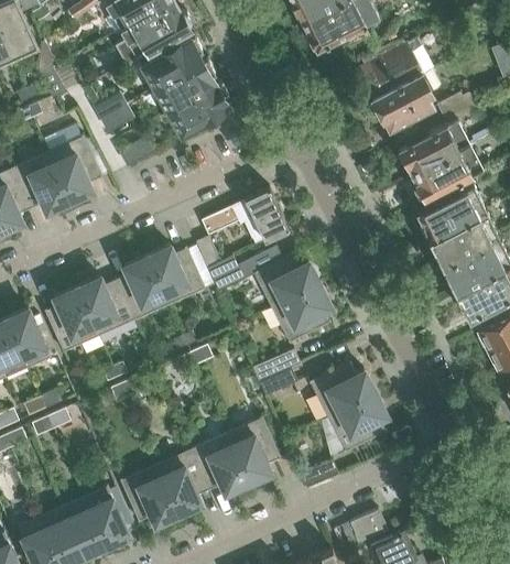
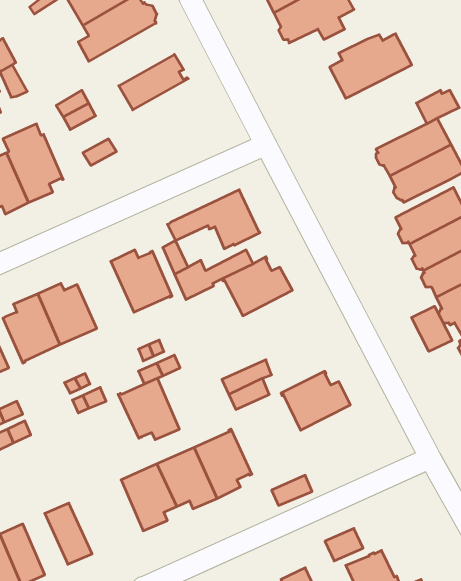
building: [141,35,207,89] -> none
building: [372,75,436,131] -> none
building: [167,83,229,135] -> none
building: [115,257,169,321] -> none
building: [272,284,330,344] -> none
building: none -> [412,306,452,351]
building: [327,393,386,453] -> none
building: [119,465,177,523] -> [118,378,179,440]
building: [63,497,106,555] -> none

